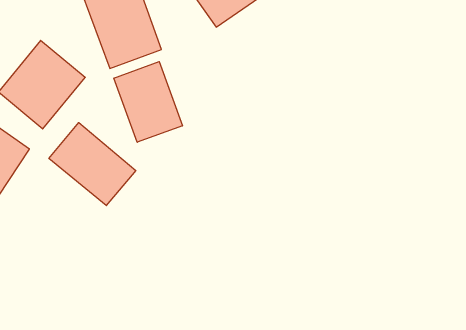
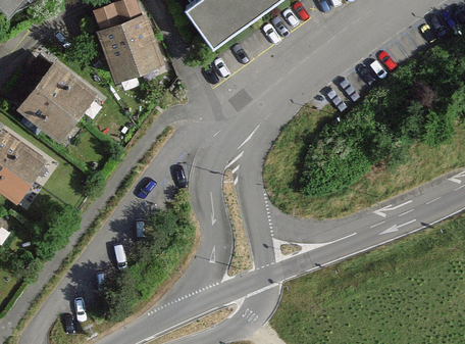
building: [114,62,182,142] -> none
building: [49,123,136,206] -> none

